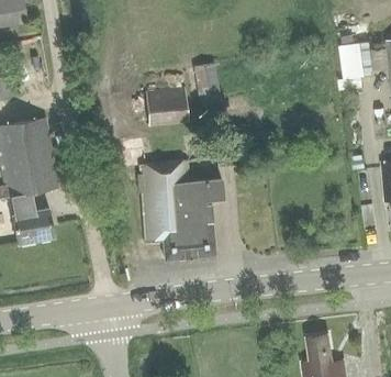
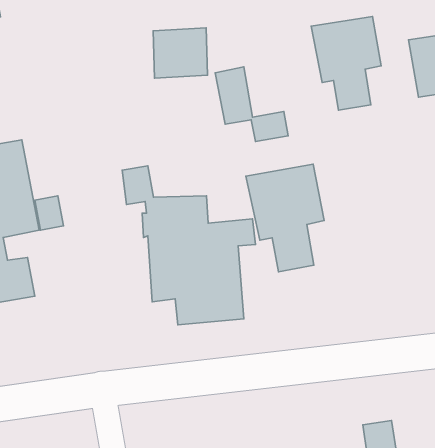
building: none -> [311,16,381,110]
building: [148,86,190,124] -> [153,28,208,78]
building: none -> [246,164,324,272]

